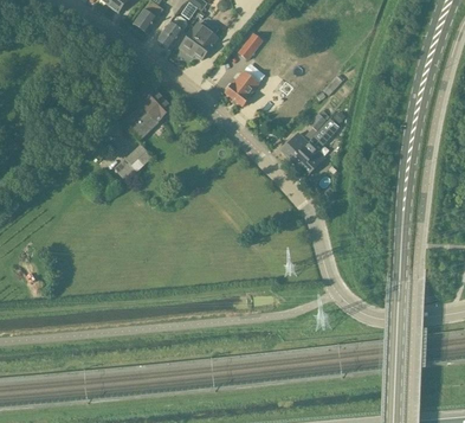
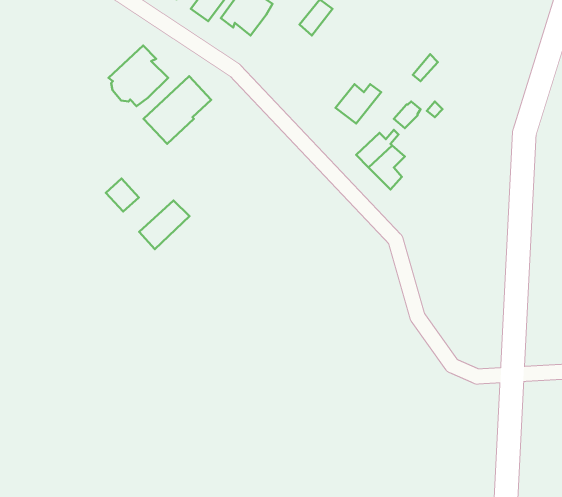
building: none -> [109,45,168,106]
building: [225,69,260,107] -> none
building: [115,145,153,181] -> [139,200,189,249]

